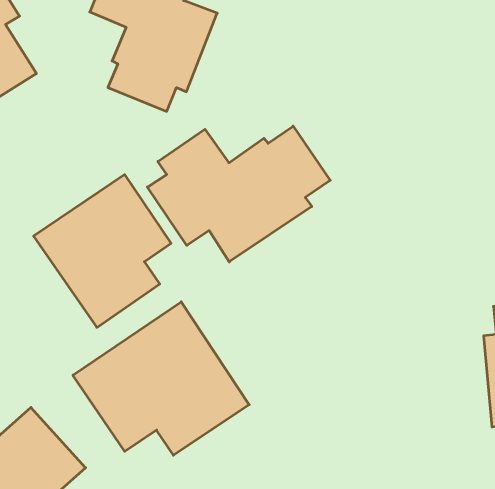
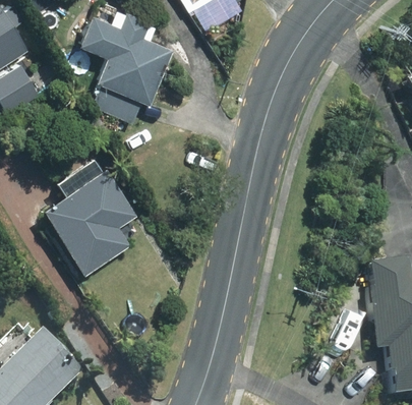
building: [147,126,330,262] -> none
building: [73,302,249,455] -> none

